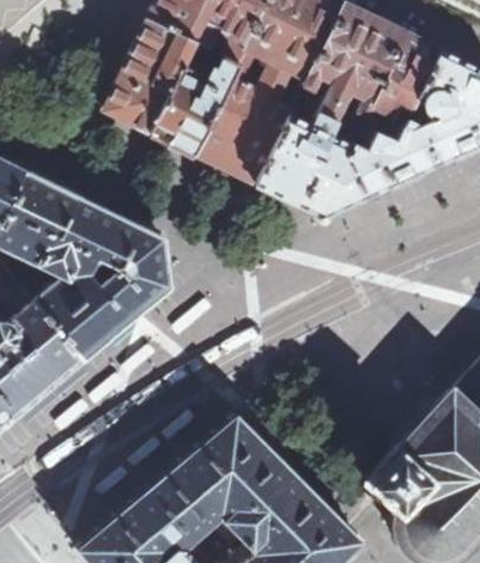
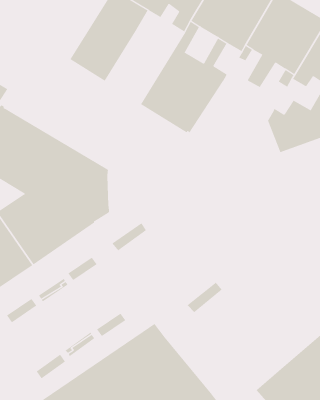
building: [151,55,239,155] -> none
building: [257,113,367,217] -> none

